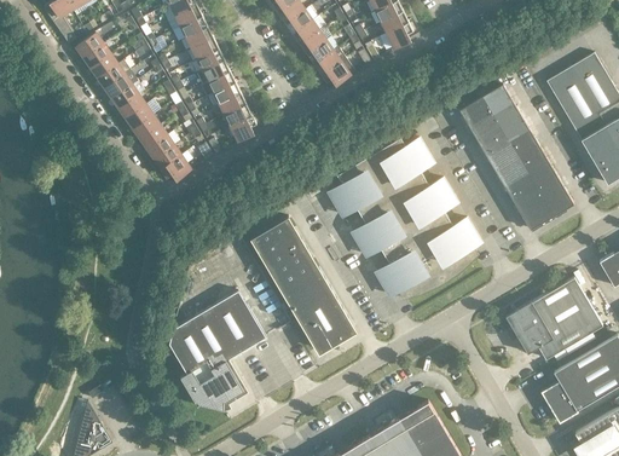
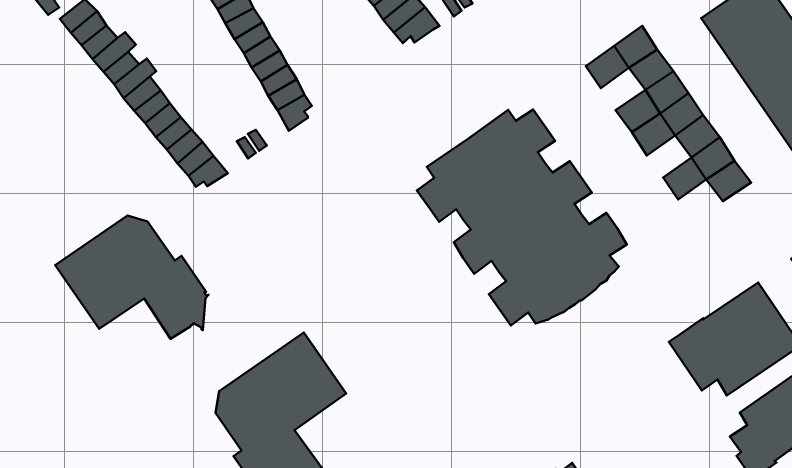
building: [469,114,502,144] -> none
building: [499,166,532,196] -> none
building: none -> [55,215,209,339]
building: [520,200,553,230] -> none
building: [250,218,353,351] -> none

